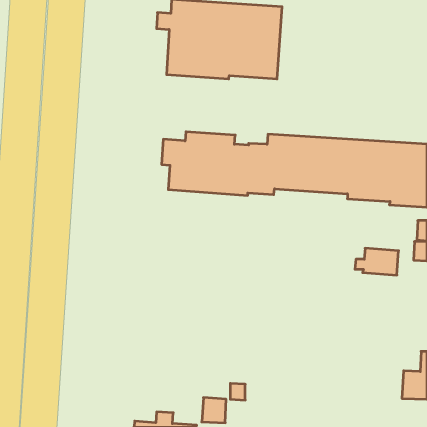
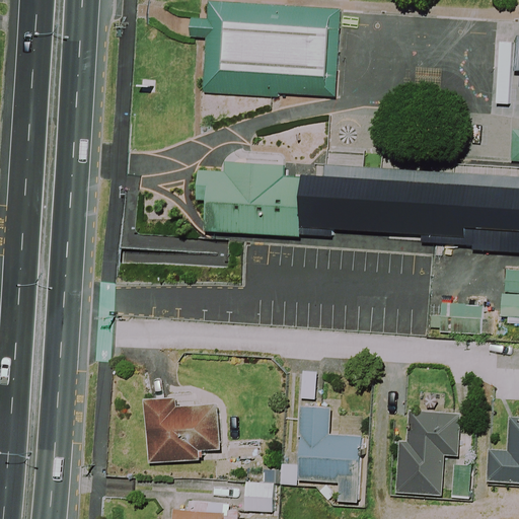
building: none -> [149,397,219,460]
building: none -> [299,406,362,502]
building: none -> [393,411,459,495]

